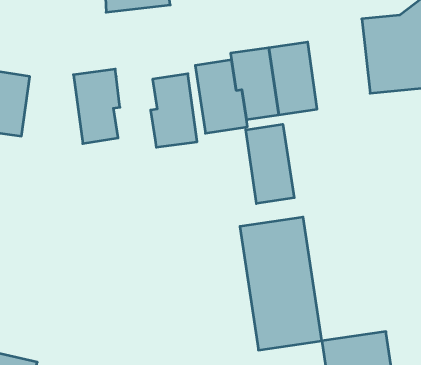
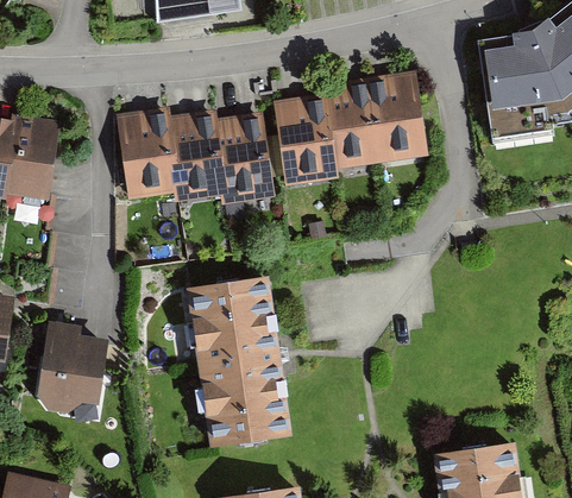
building: none -> [165,112,221,206]
building: [246,124,294,204] -> none
building: [240,217,322,350] -> [187,278,291,448]
building: none -> [34,317,106,410]

